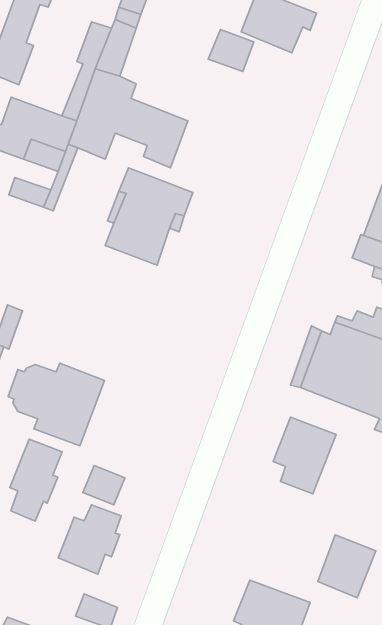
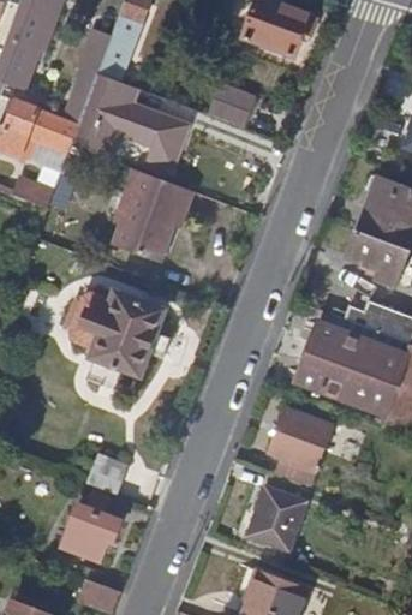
building: [208,29,254,71] -> [210,83,255,124]
building: [8,363,104,446] -> [67,292,161,372]
building: [10,439,62,521] -> none
building: [318,535,376,598] -> [249,489,305,550]

